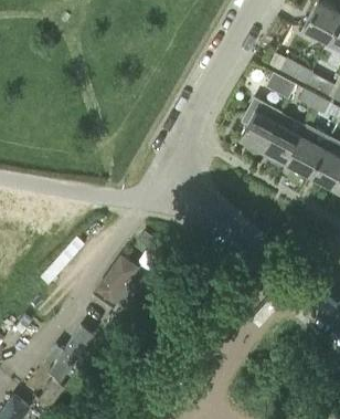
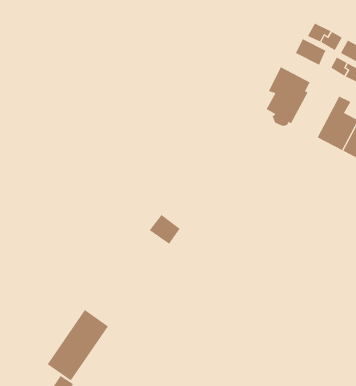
building: [265,114,308,166] -> none
building: [89,250,144,313] -> none

